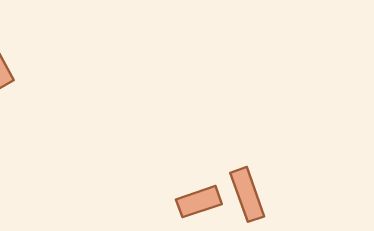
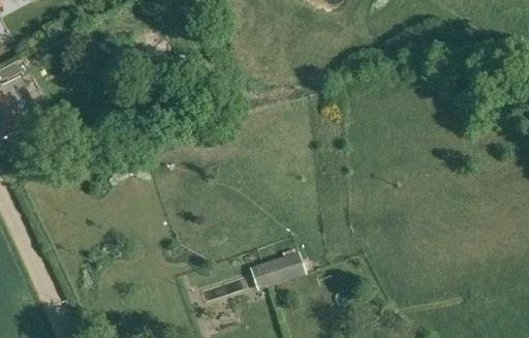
building: [230,167,264,222] -> none

